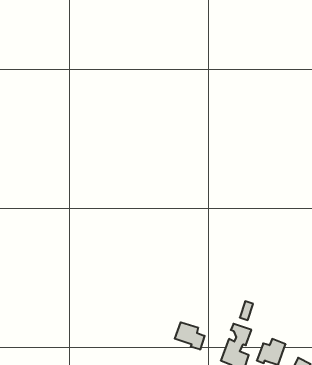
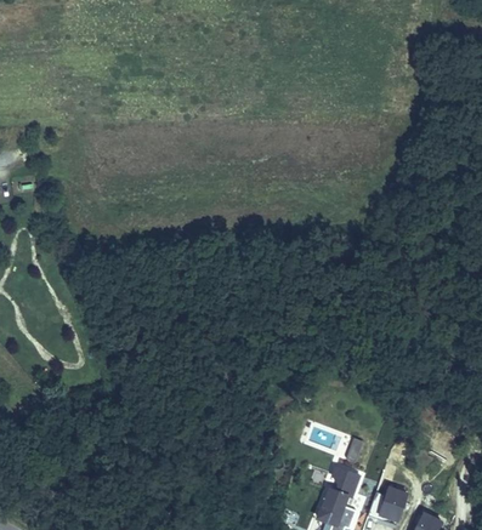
building: [175,322,205,350] -> none

